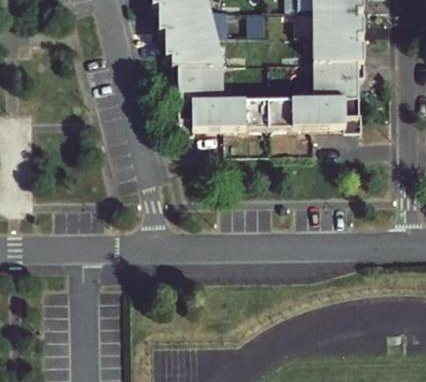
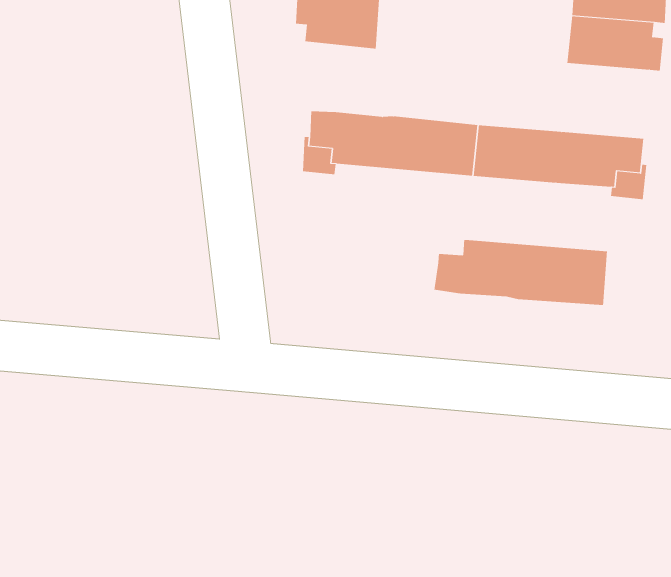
building: [315,57,367,95] -> none
building: [173,60,219,98] -> none
building: none -> [434,239,607,306]

